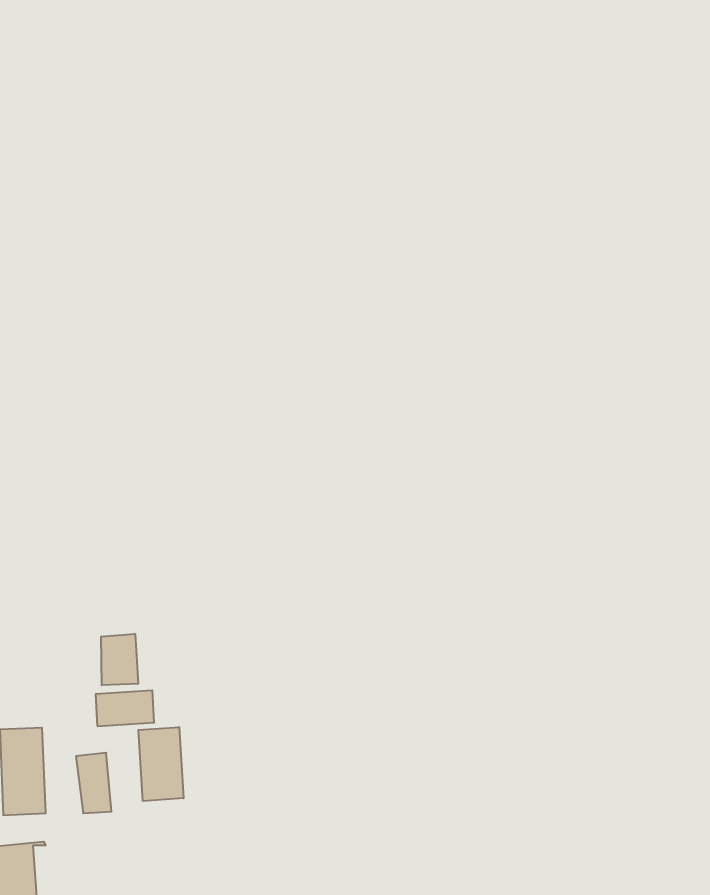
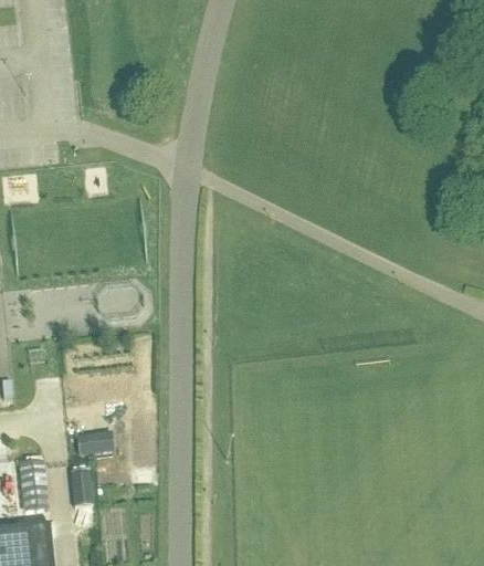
building: [101,634,138,685] -> none
building: [138,727,184,801] -> none

